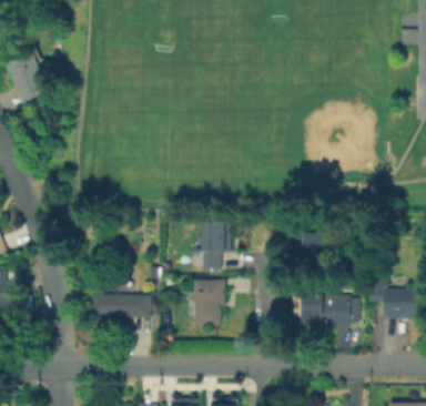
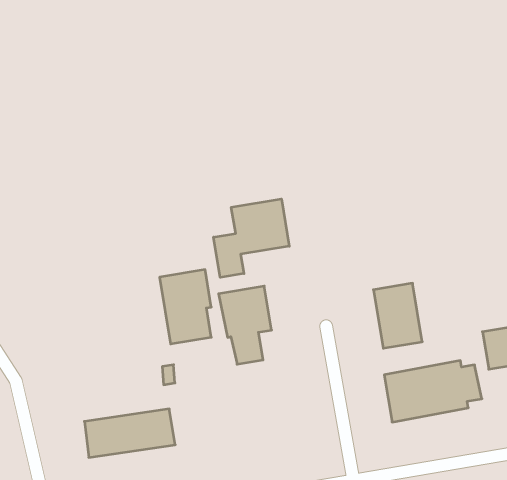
building: none -> [214,199,289,277]
building: [191,283,222,328] -> [160,270,211,344]

